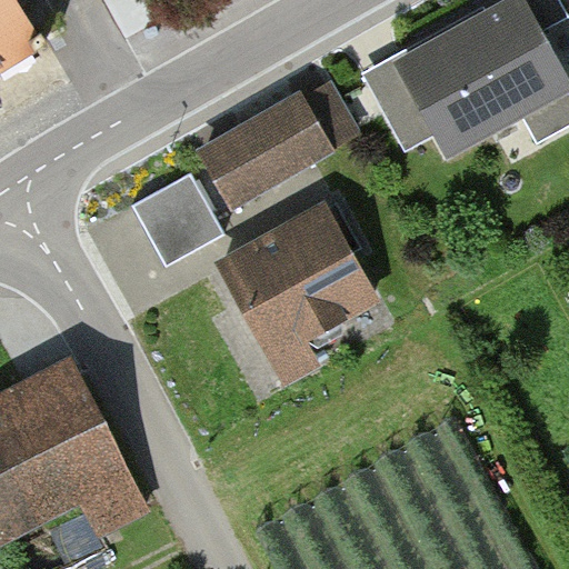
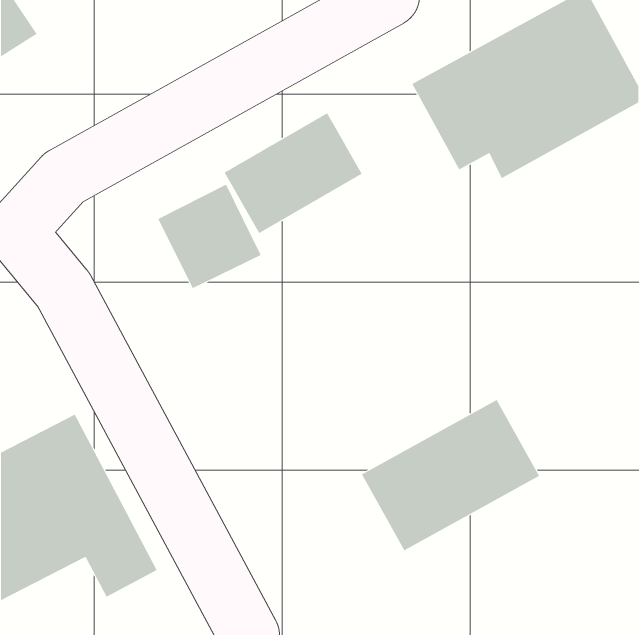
building: [224,216,373,386] -> none
building: none -> [361,399,540,551]

